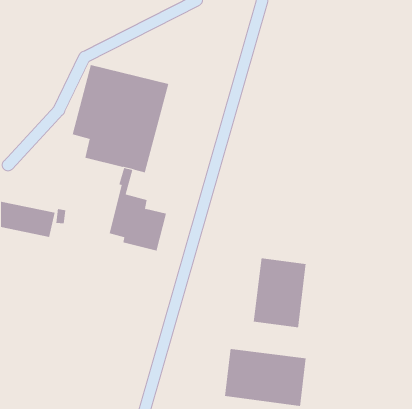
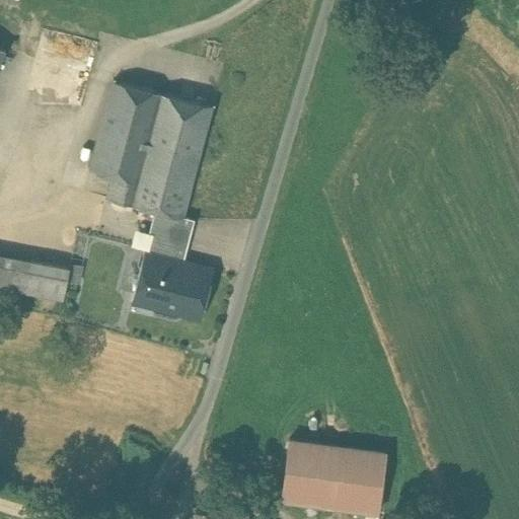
building: none -> [159,217,195,254]
building: [253,257,306,328] -> none

